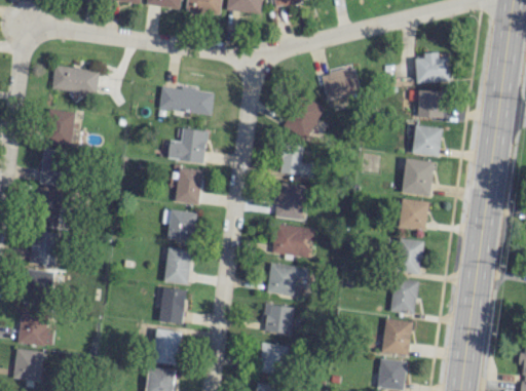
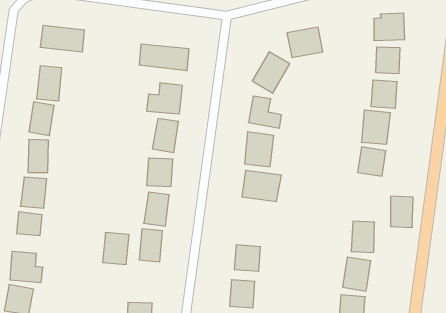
building: [397,239,421,273] -> [391,196,413,227]
building: [266,264,309,295] -> none
building: [152,329,181,364] -> [103,233,129,265]

